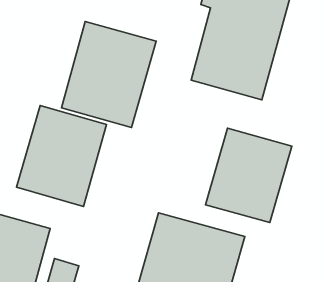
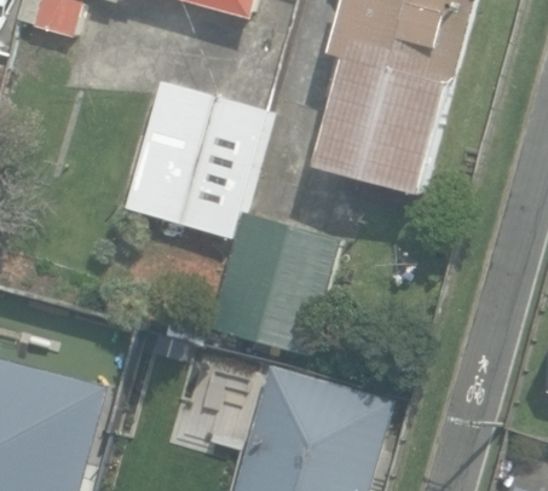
building: [17,106,107,207] -> none
building: [206,128,292,223] -> [209,210,338,351]

